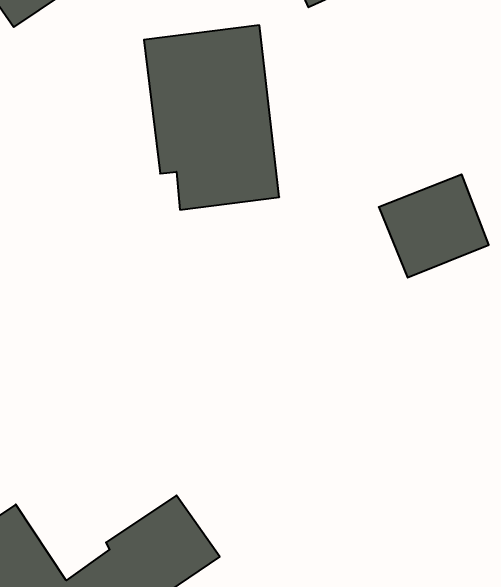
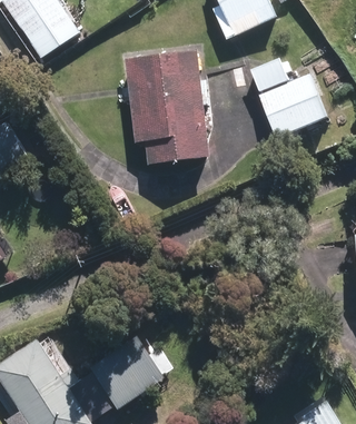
building: [379,174,489,278] -> [254,75,322,138]

